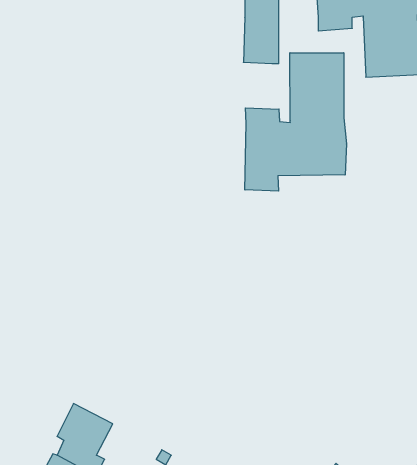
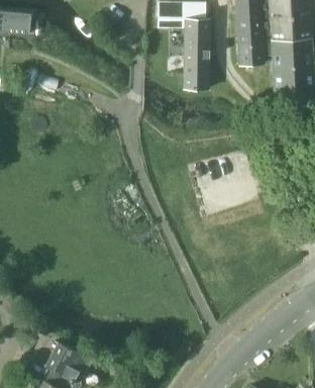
building: [245,53,346,191] -> none

